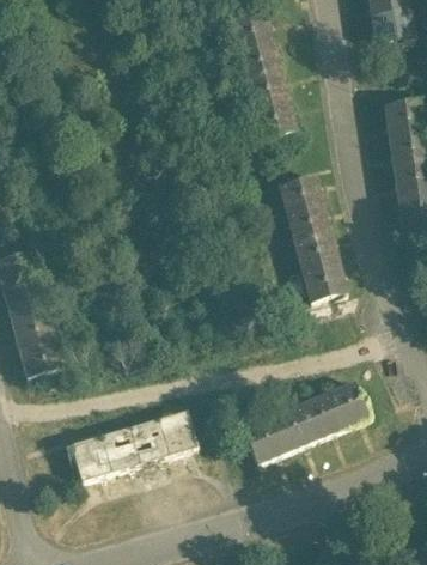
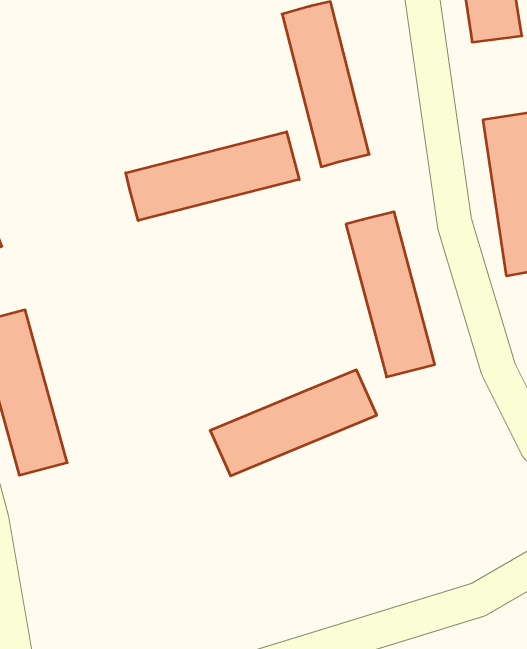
building: none -> [126,132,299,221]
building: [242,382,370,463] -> [210,370,377,476]
building: [71,411,199,481] -> none

